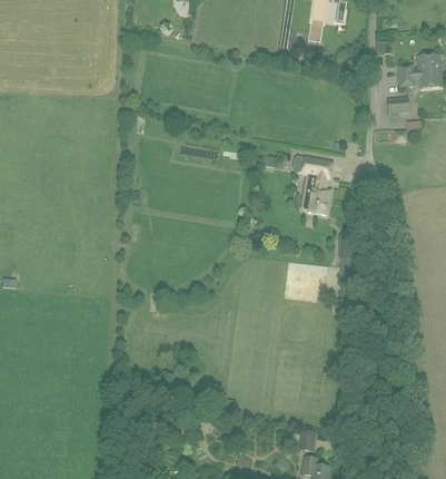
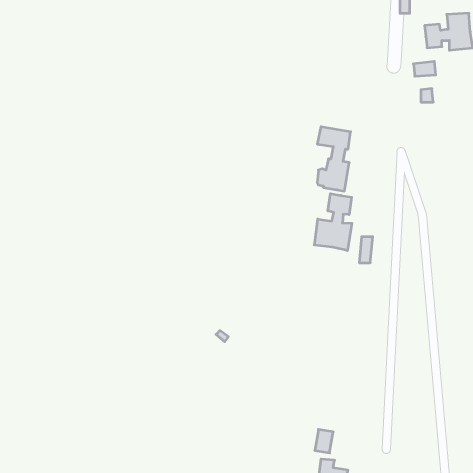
building: none -> [314,194,352,251]

